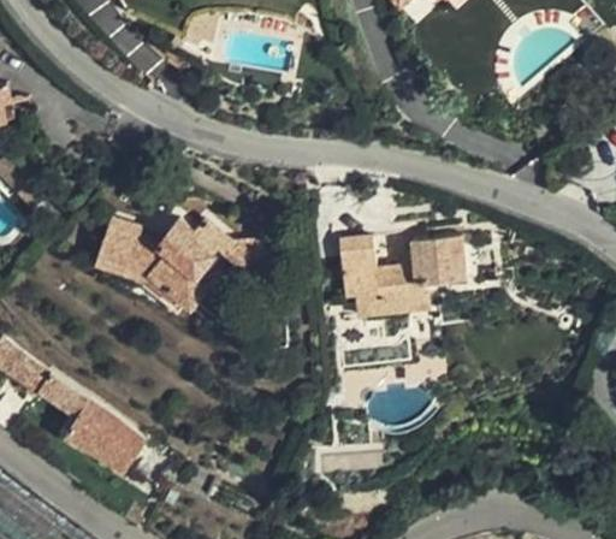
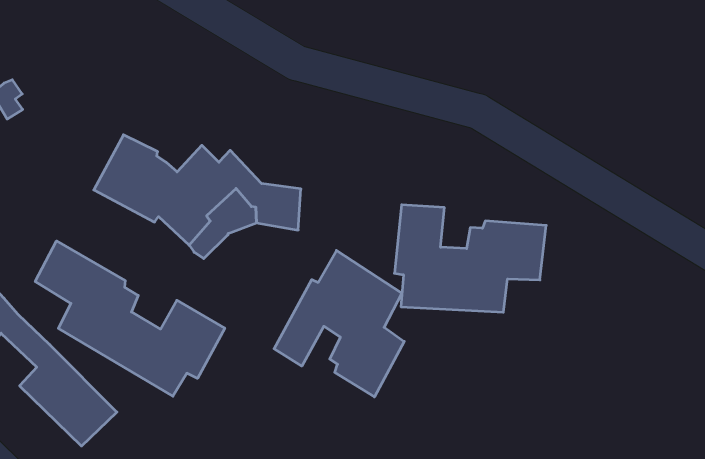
building: none -> [274,250,404,397]
building: none -> [35,241,225,396]

